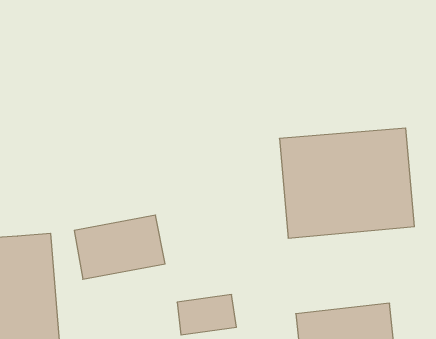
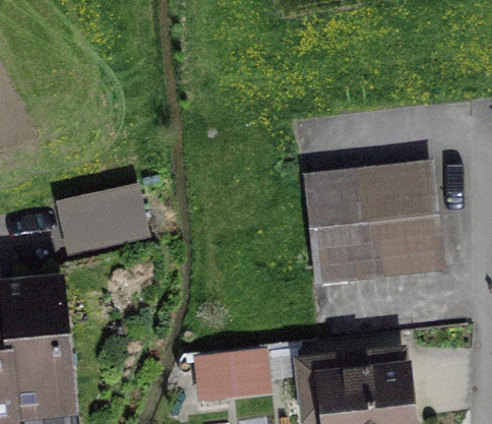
building: [74,215,165,279] -> [54,191,150,259]

